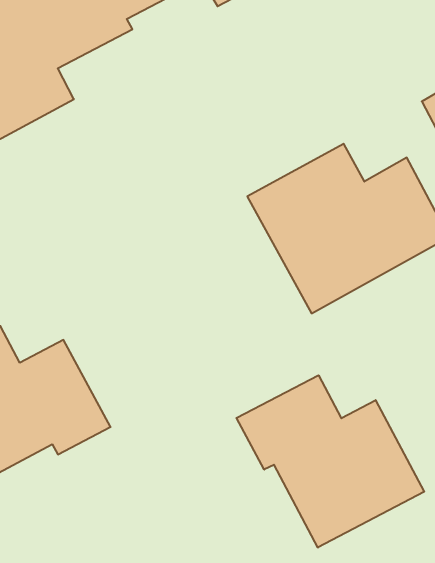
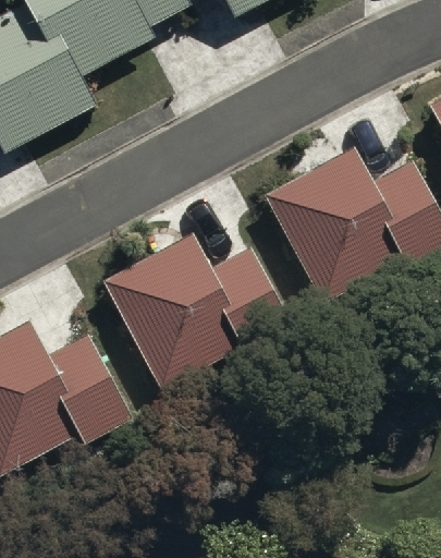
building: none -> [105,234,291,390]
building: [236,375,424,548] -> none

